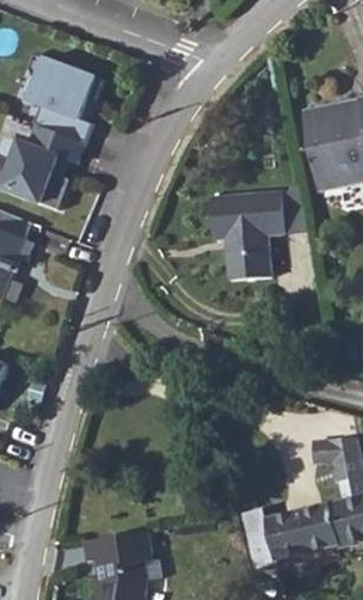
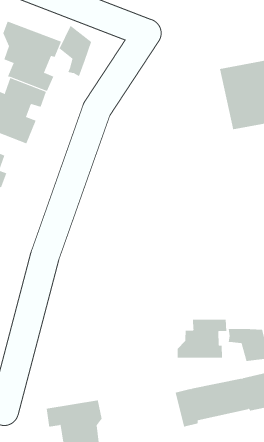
building: none -> [59,25,92,77]
building: [210,192,287,281] -> none
building: none -> [177,319,227,359]

